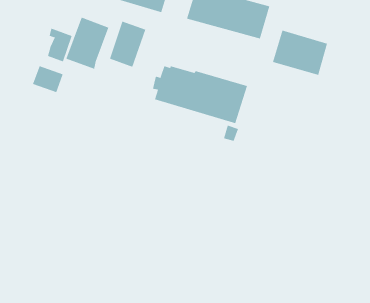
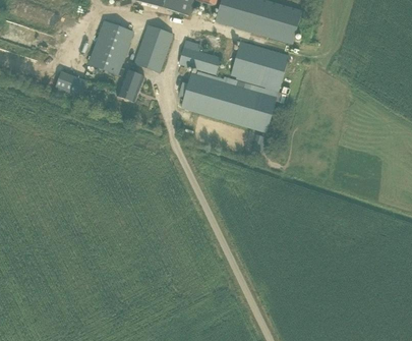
building: [47,28,72,62] -> [116,66,142,102]
building: [272,30,328,76] -> [230,41,288,89]
building: none -> [178,40,221,73]

